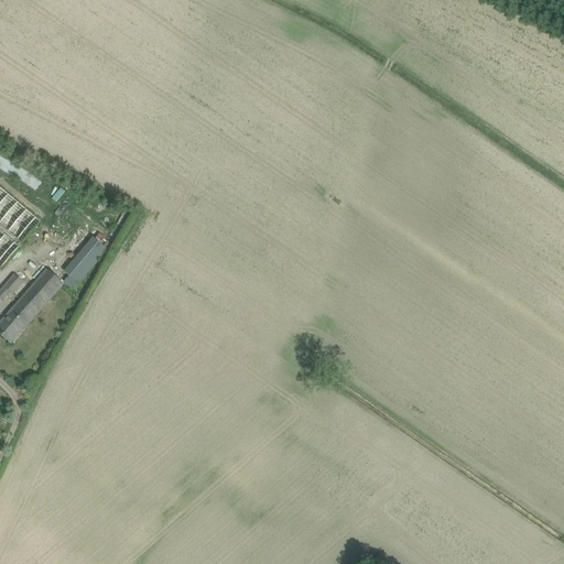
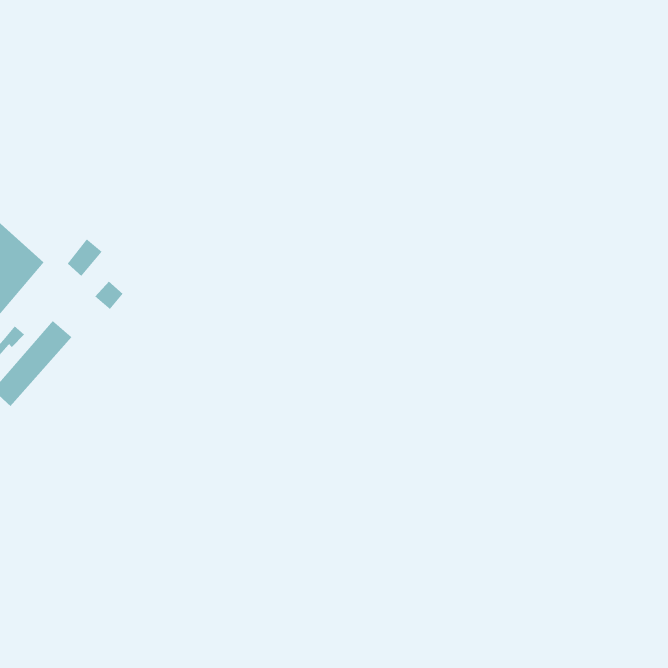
building: [63,249,93,281] -> [67,239,102,277]

